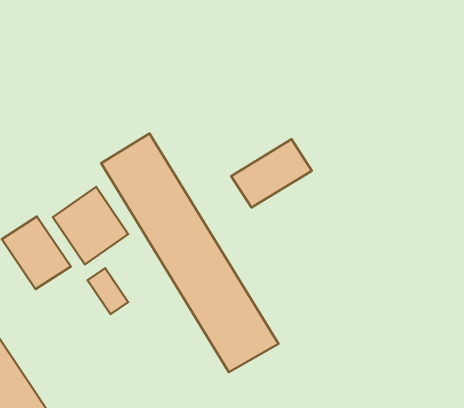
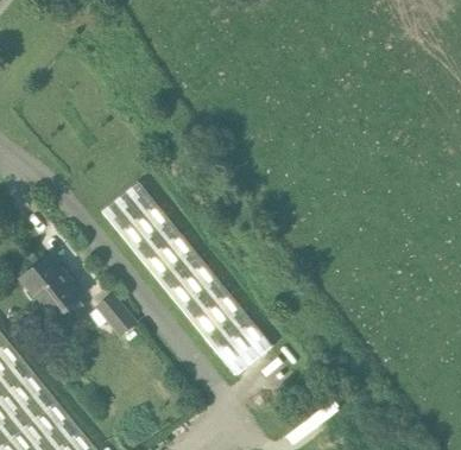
building: [231,139,312,208] -> none
building: [53,187,128,264] -> none

